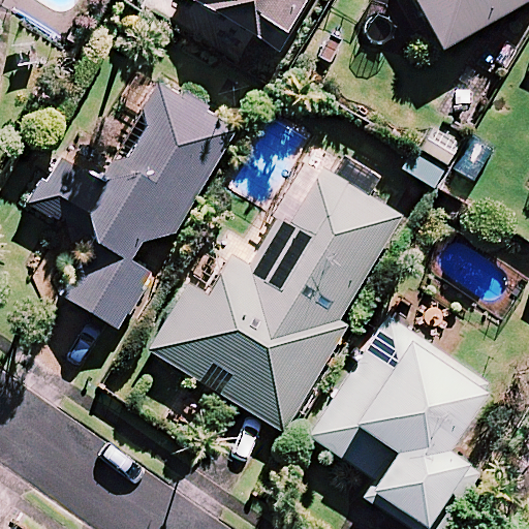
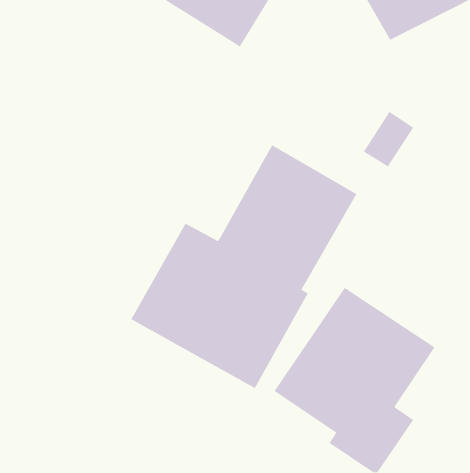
building: [35,85,238,330] -> none

